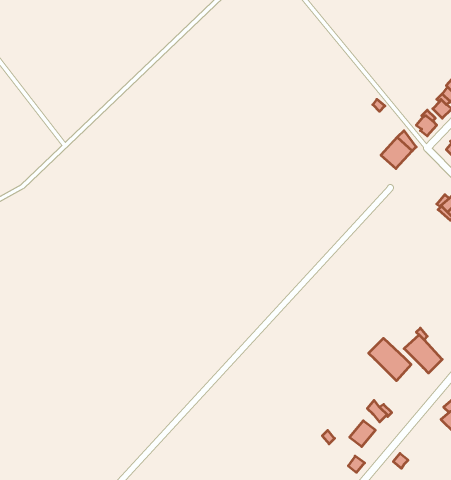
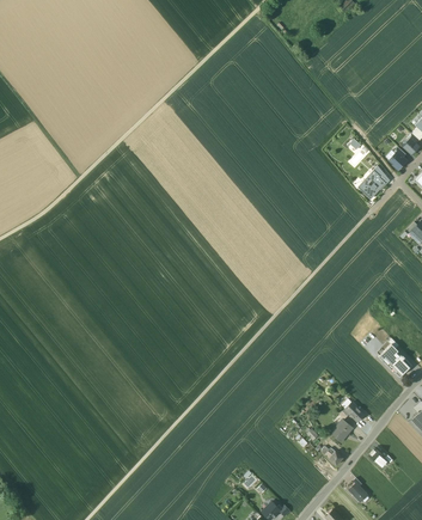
building: [369,338,411,381] -> none

